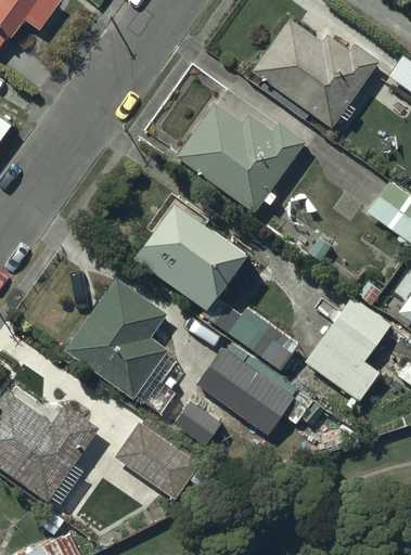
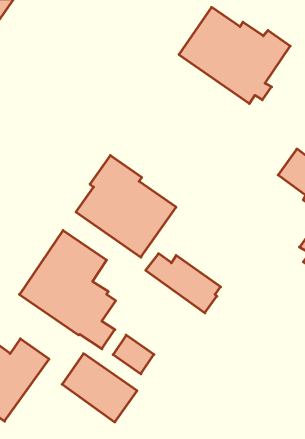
building: [176,103,306,214] -> none
building: [304,295,391,403] -> none
building: [195,345,313,439] -> none

